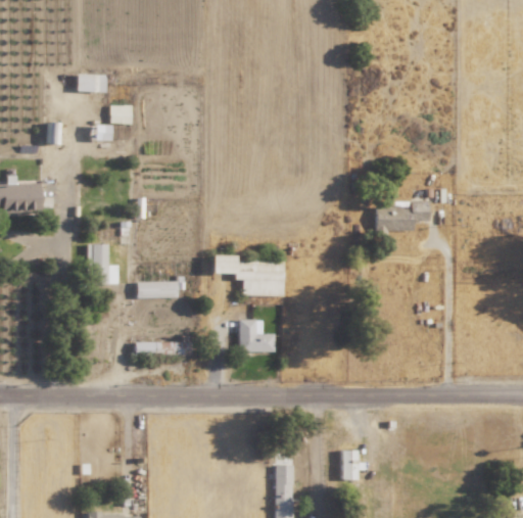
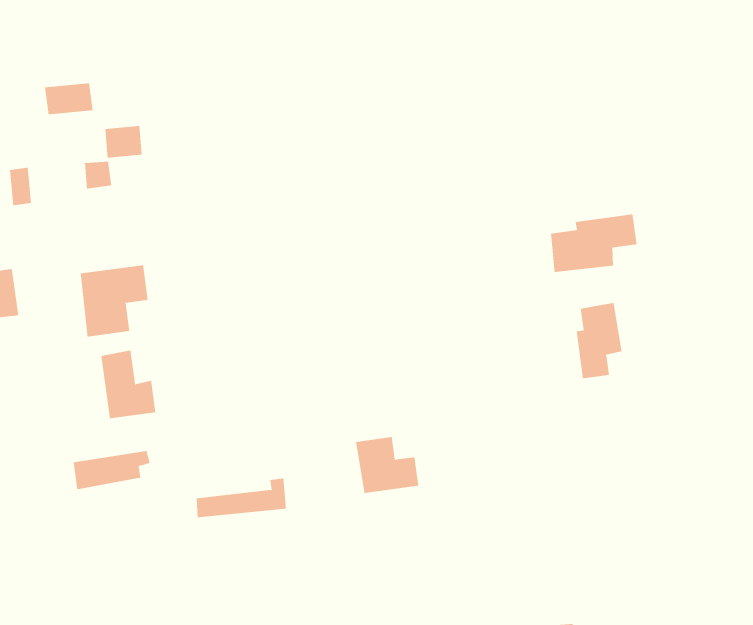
building: none -> [80,264,148,337]
building: none -> [576,302,622,379]
building: [212,255,284,296] -> none
building: [137,281,185,299] -> [73,451,151,490]

